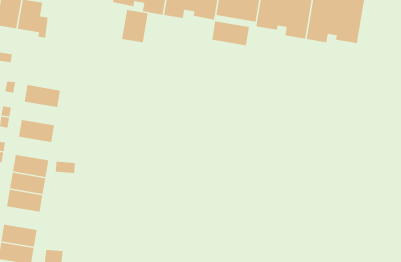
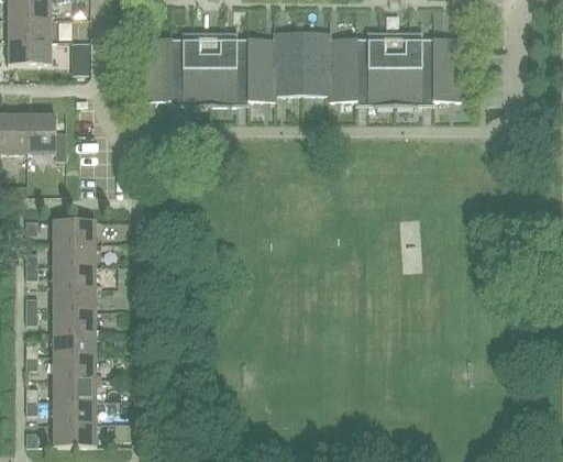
building: [121,9,148,43] -> none
building: [211,21,250,46] -> none
building: none -> [52,244,96,266]
building: none -> [52,289,96,311]
building: none -> [52,380,96,402]

